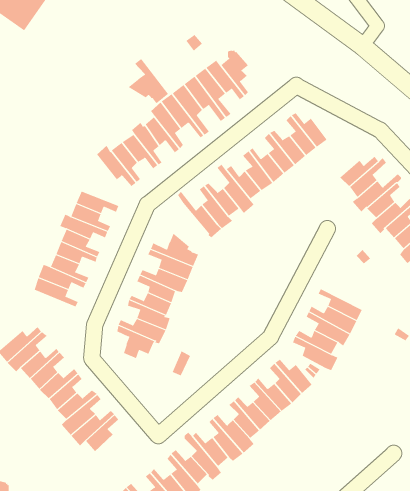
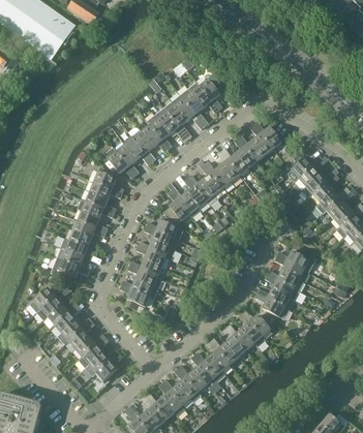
building: [128,58,169,104] -> none
building: none -> [89,166,124,193]
building: none -> [162,191,190,223]
building: none -> [276,250,316,273]
building: none -> [50,257,89,278]

